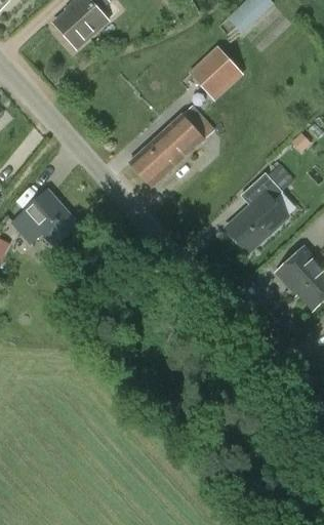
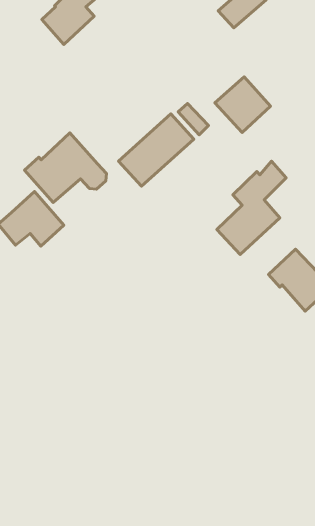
building: [188,45,242,99] -> [215,77,270,132]
building: none -> [24,133,106,202]

